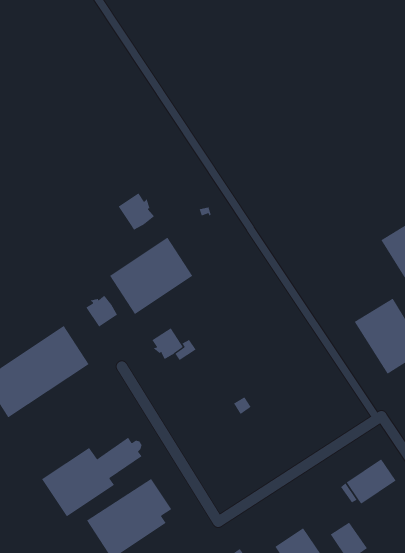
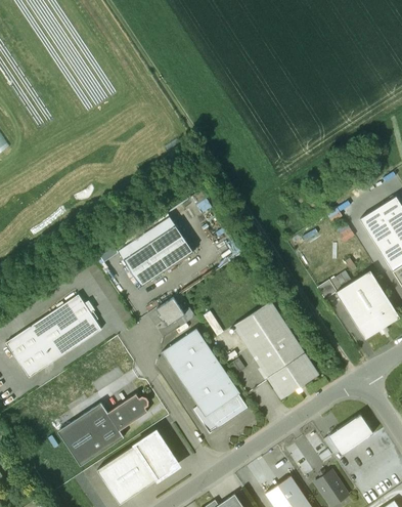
building: [118,192,155,230] -> none
building: [86,295,118,328] -> none
building: none -> [234,302,316,397]
building: none -> [161,329,247,433]

